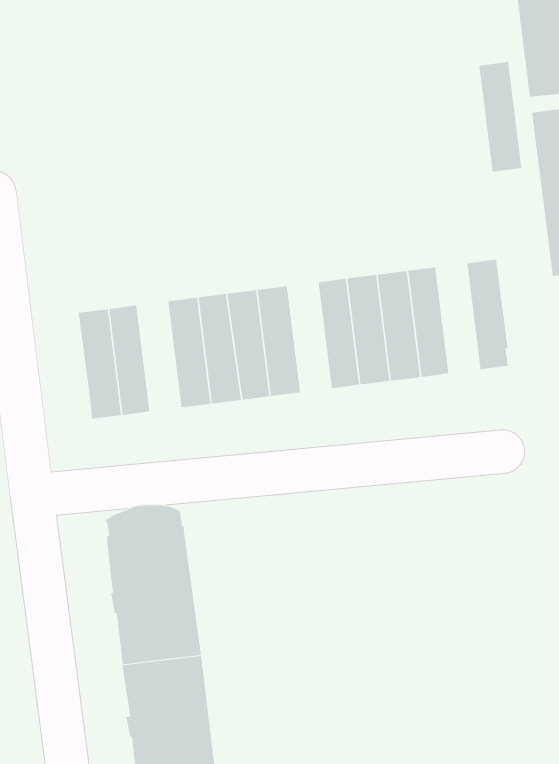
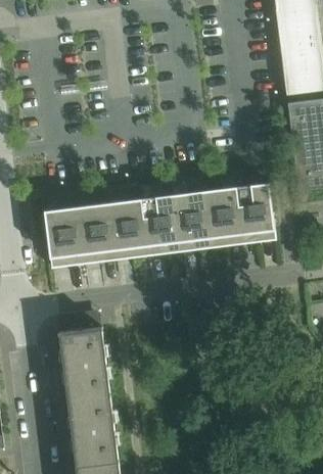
building: [478,62,522,172] -> [237,184,261,243]
building: none -> [157,194,181,253]
building: none -> [77,204,100,264]

